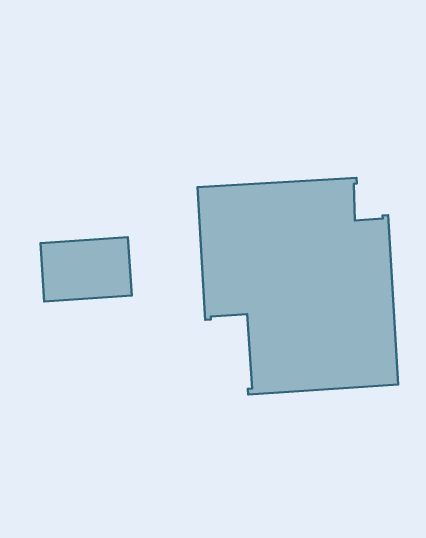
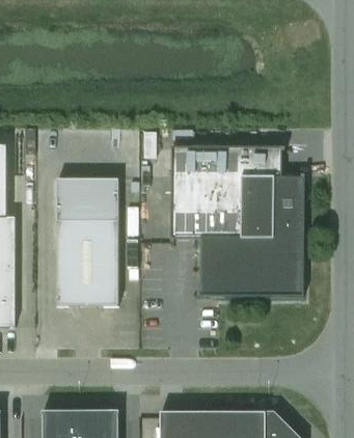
building: none -> [56,221,118,306]

